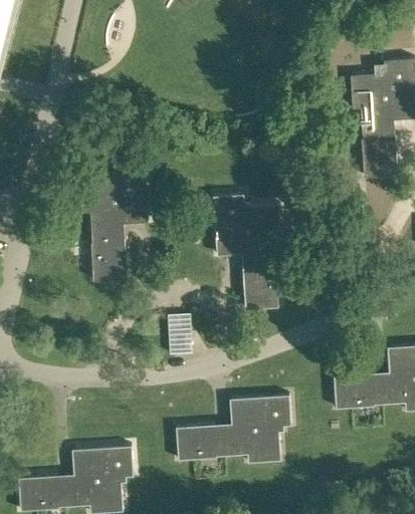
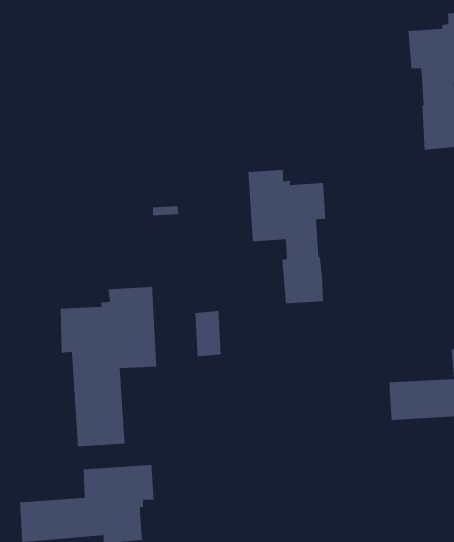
building: [80,163,149,281] -> none
building: none -> [60,286,157,447]
building: [176,395,291,463] -> none

